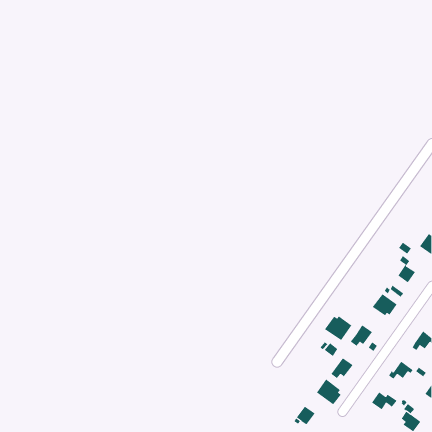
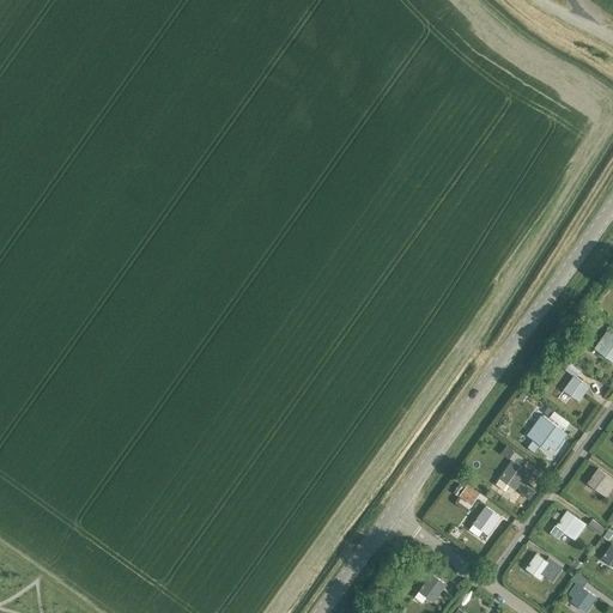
building: [324,315,352,341] -> none
building: [316,379,341,405] -> none

